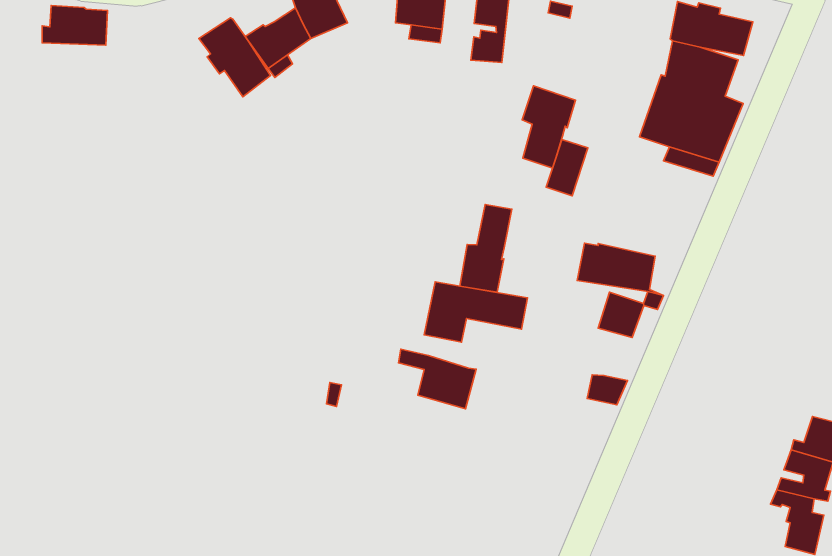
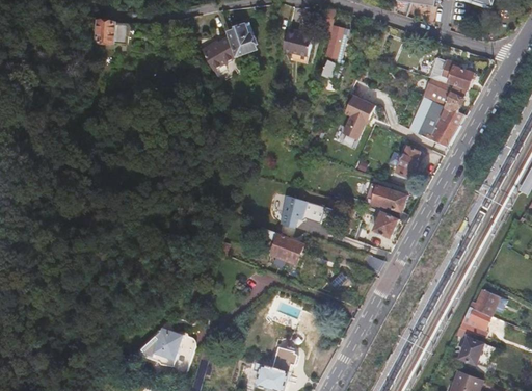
building: [199,18,271,97] -> none
building: [546,139,588,196] -> [395,144,420,175]
building: [460,205,512,292] -> none

